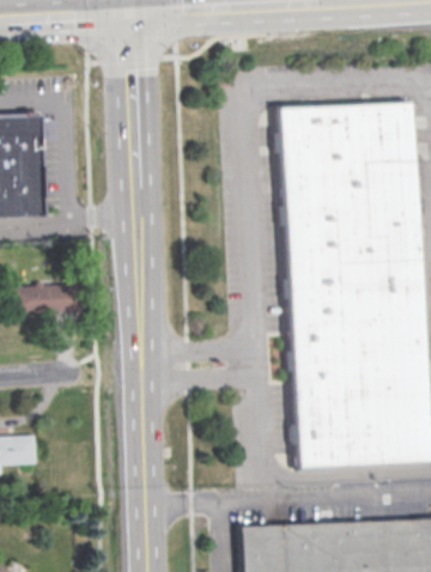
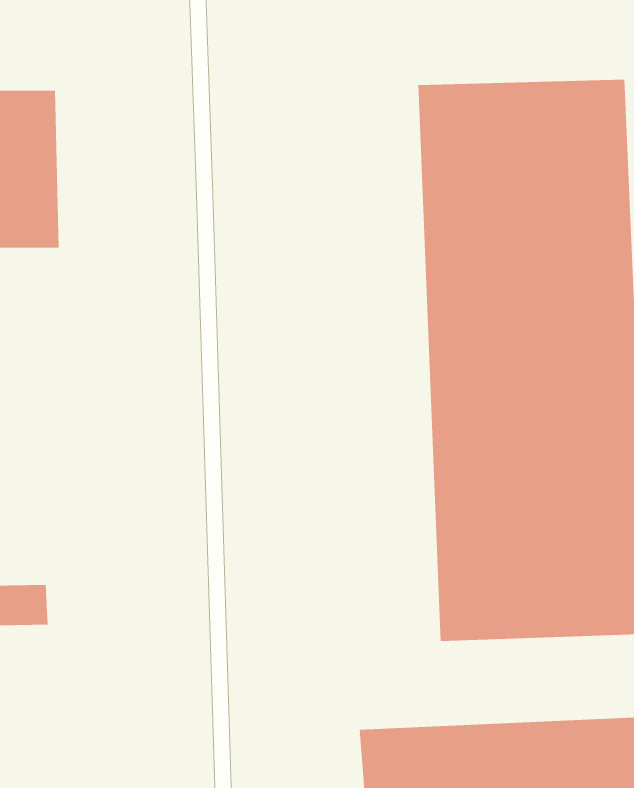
building: [14,282,79,314] -> none

